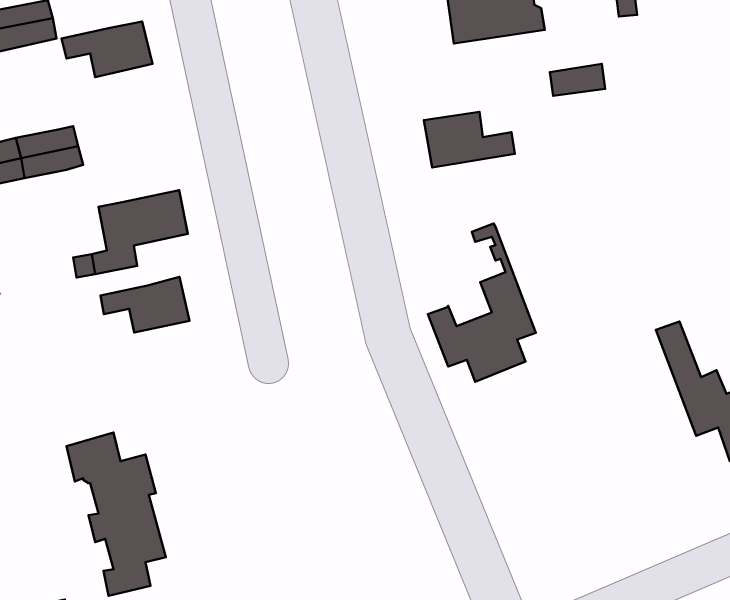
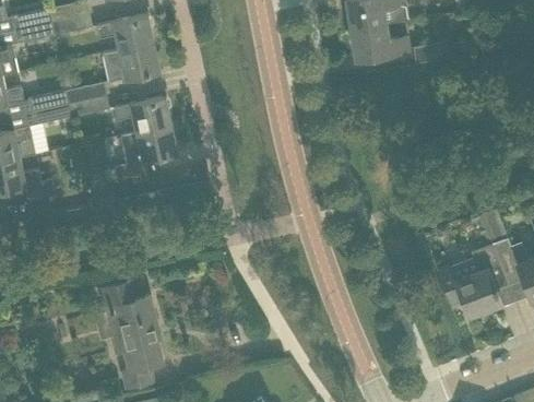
building: none -> [100,43,159,82]
building: [424,112,515,167] -> [349,24,408,60]
building: [428,223,536,382] -> [437,213,507,316]
building: [100,277,190,333] -> [114,96,171,132]

